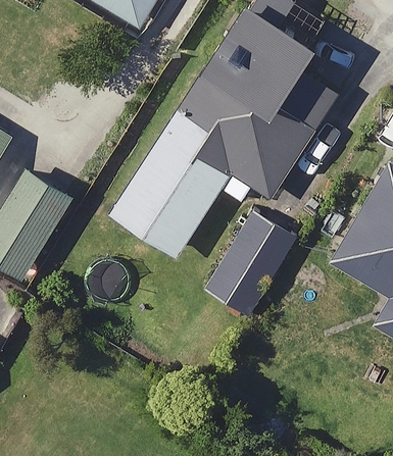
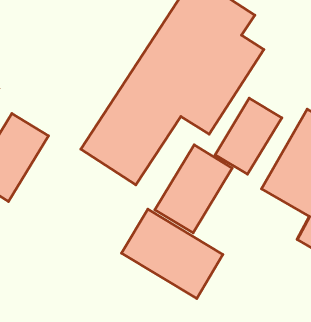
building: none -> [215,98,282,174]
building: none -> [122,209,223,299]

